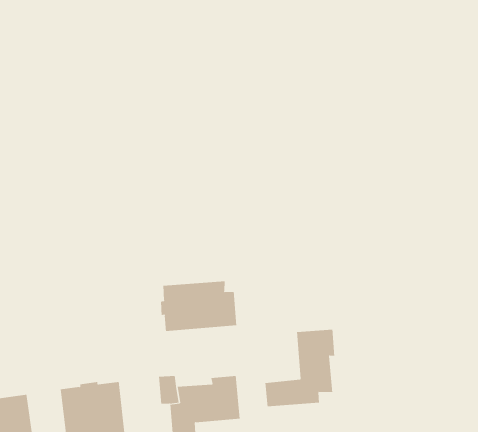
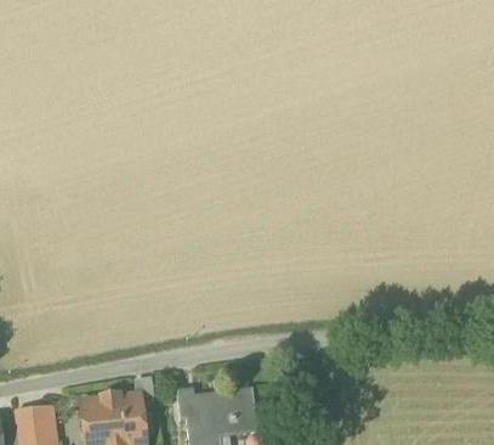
building: [161,281,237,332] -> none
building: [265,329,335,407] -> none

